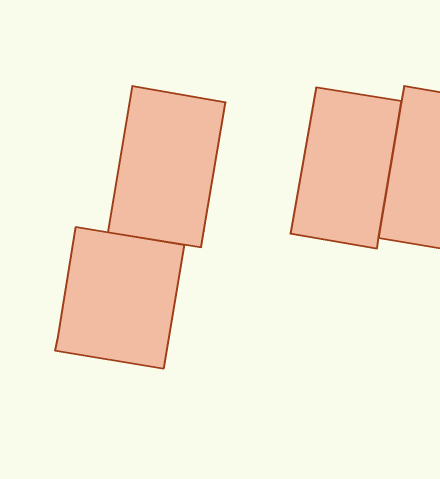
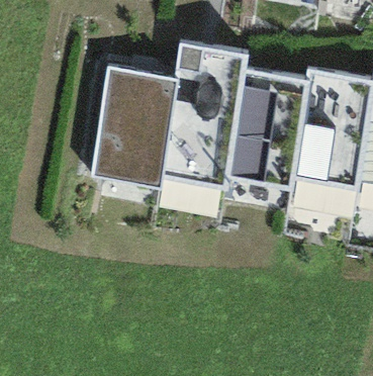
building: none -> [161,45,247,187]
building: [55,227,184,369] -> none

